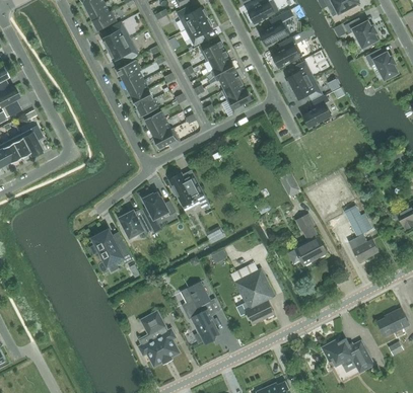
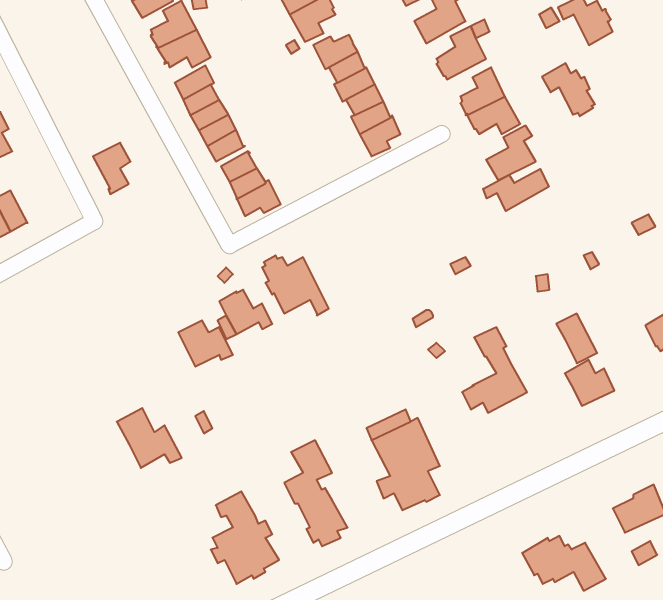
building: [366,49,398,80] -> [542,63,595,116]
building: none -> [483,169,549,211]
building: [20,126,43,156] -> [93,143,131,194]
building: [93,230,132,265] -> [117,408,182,468]

